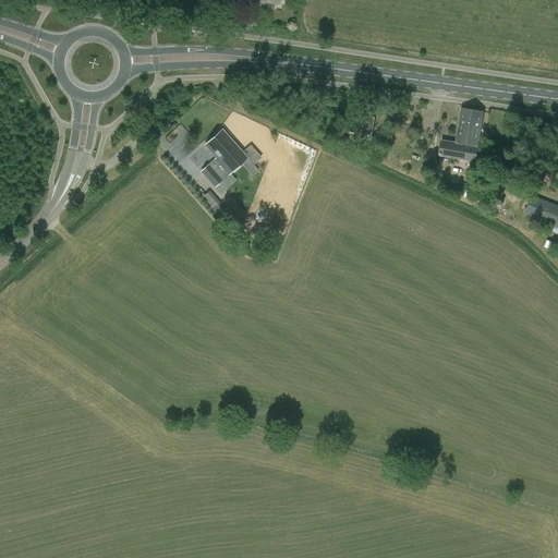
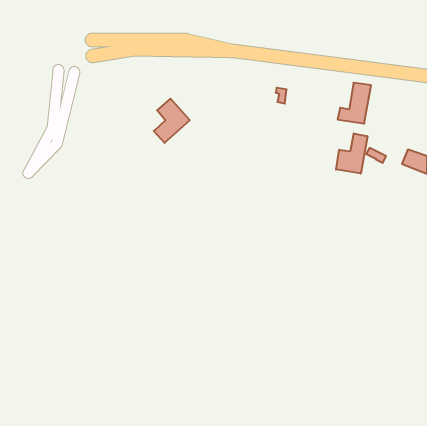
building: none -> [336,133,367,174]

